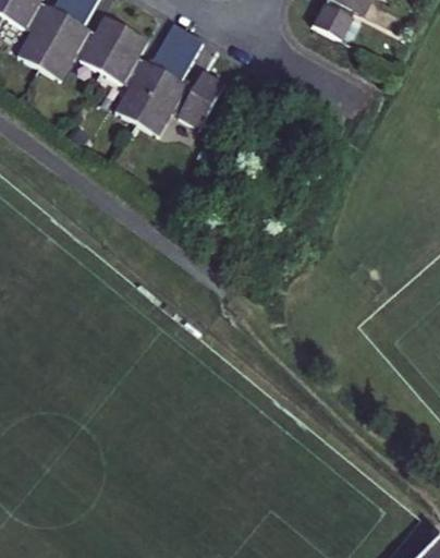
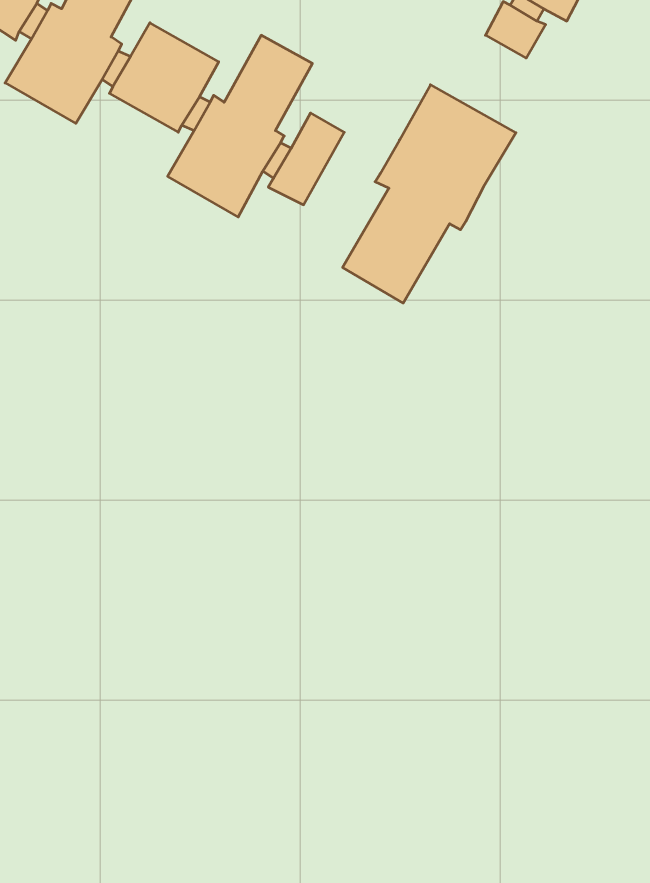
building: none -> [343,85,516,303]

